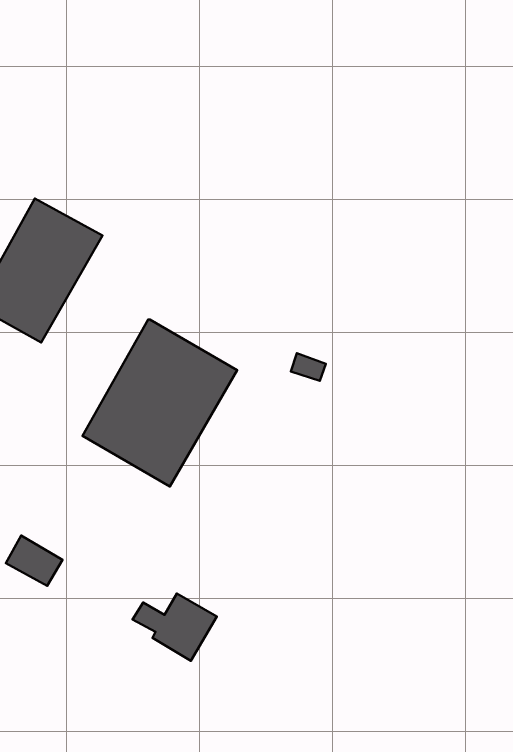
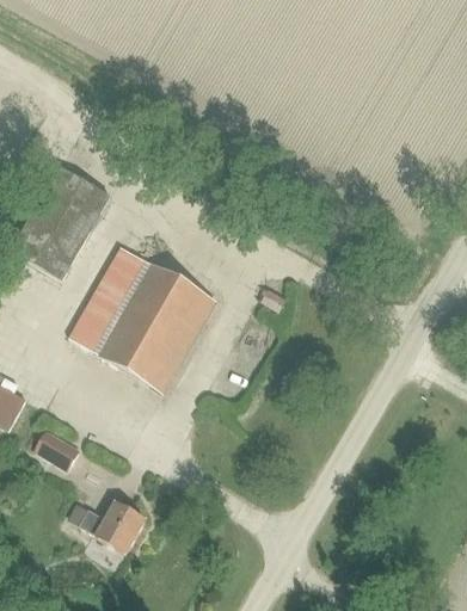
building: none -> [68,247,146,353]
building: [133,593,217,661] -> [80,501,146,554]

